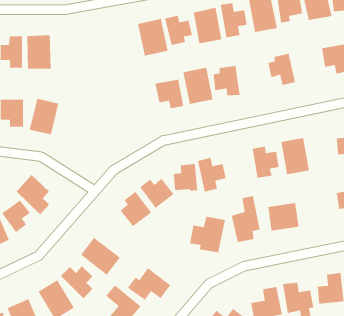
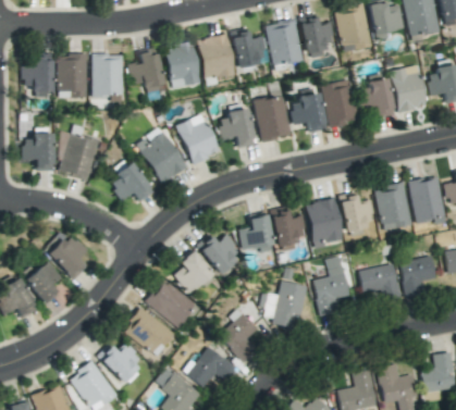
building: none -> [165,42,199,88]
building: none -> [128,49,163,91]
building: none -> [93,54,123,97]
building: none -> [390,65,427,112]
building: none -> [321,79,357,126]
building: none -> [176,114,219,163]
building: none -> [135,127,187,184]
building: none -> [108,163,153,203]
building: none -> [408,175,447,224]
building: none -> [307,199,343,246]
building: none -> [399,256,436,297]
building: none -> [145,278,197,328]
building: none -> [219,308,262,362]

